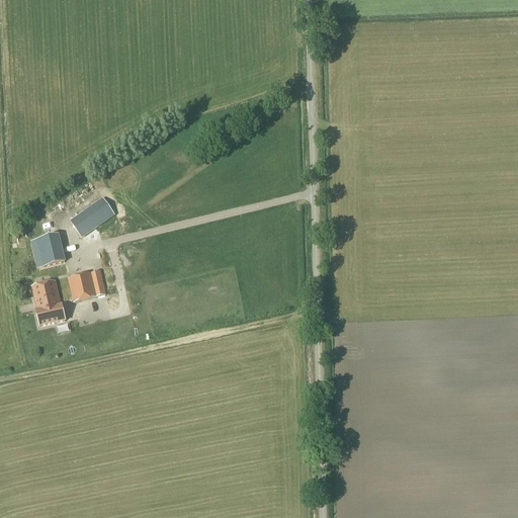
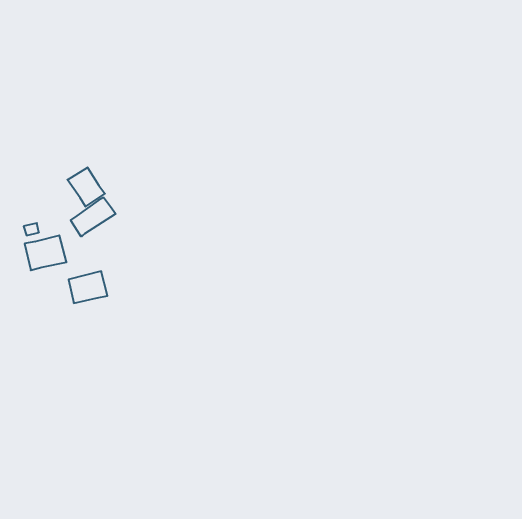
building: none -> [67,167,105,207]
building: [31,278,67,325] -> none

